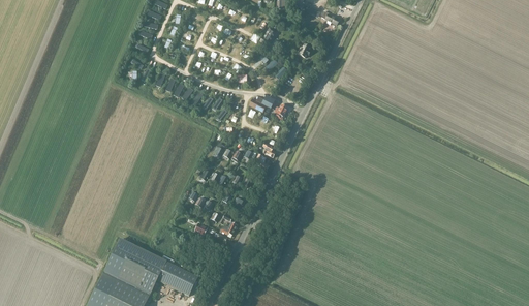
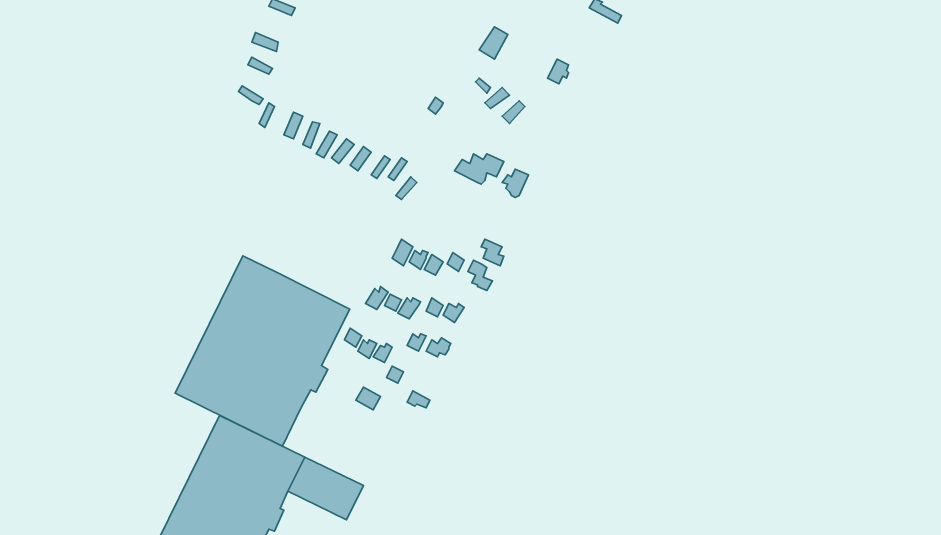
building: none -> [175,256,350,446]

